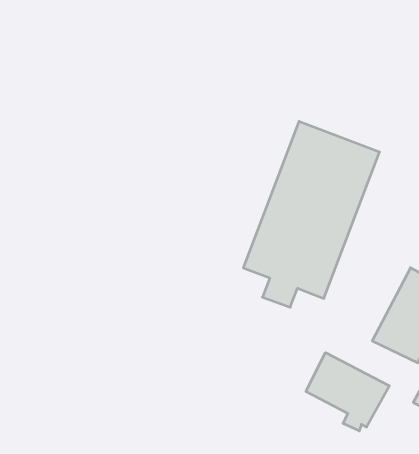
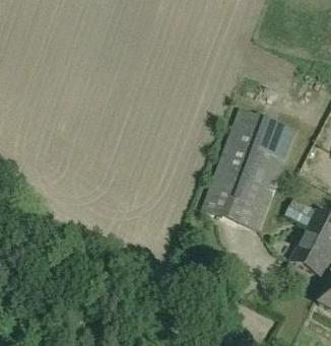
building: [306,353,389,431] -> none

